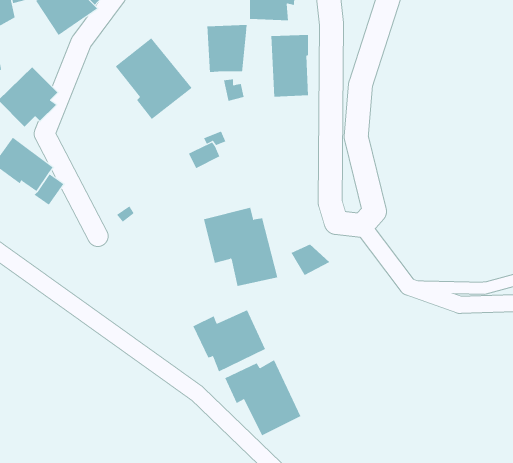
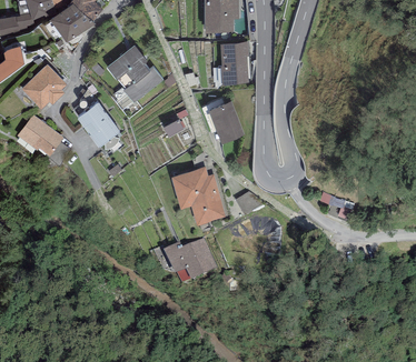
building: [207,24,247,73] -> none
building: none -> [78,100,119,145]
building: none -> [209,100,244,142]
building: [225,359,301,436] -> none

